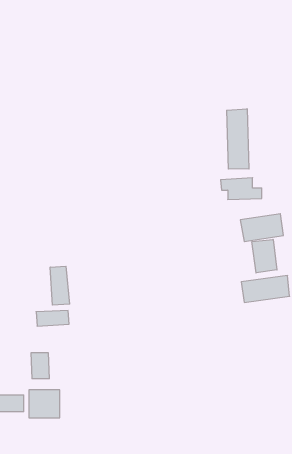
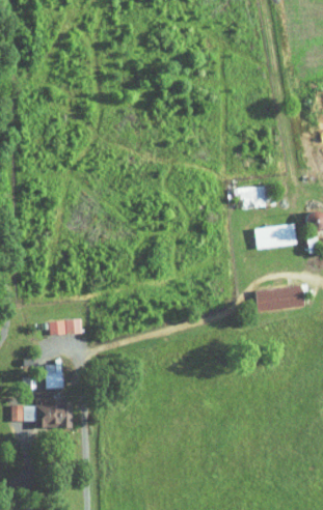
building: [227,109,249,169] -> none
building: [252,239,277,273] -> none
building: [50,266,70,305] -> none

